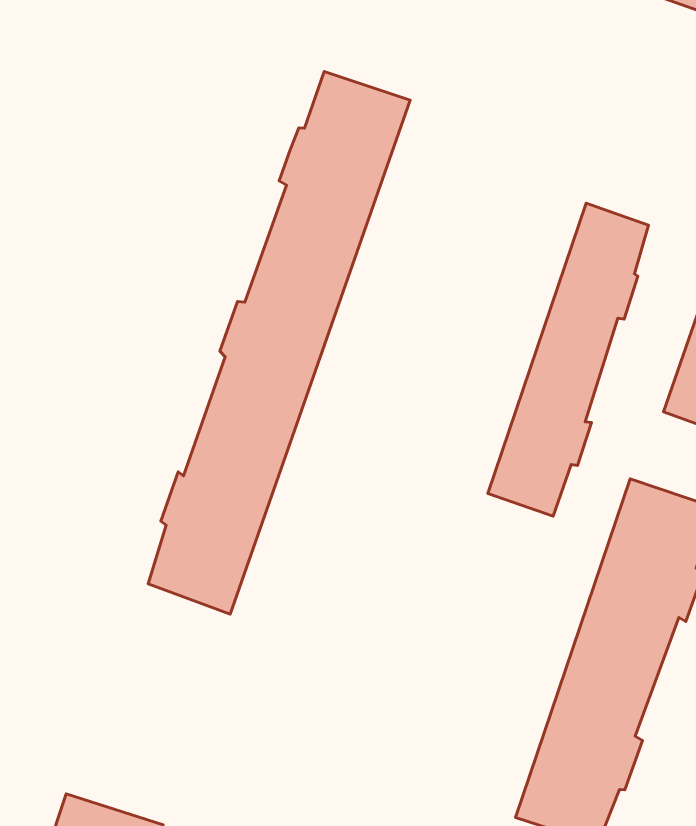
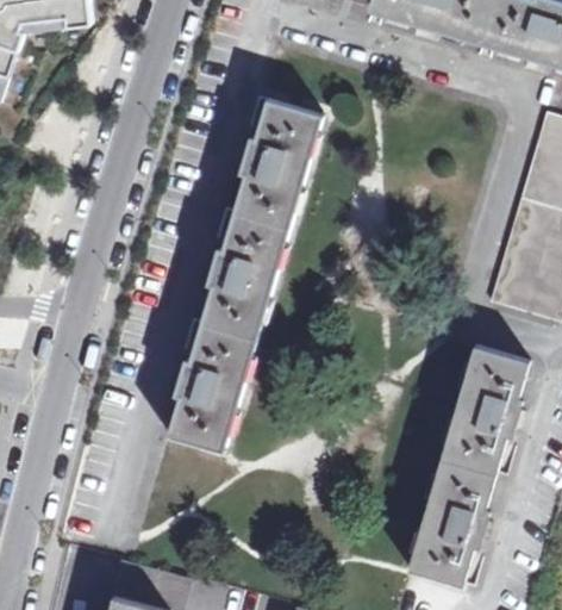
building: [488,203,649,516] -> none

